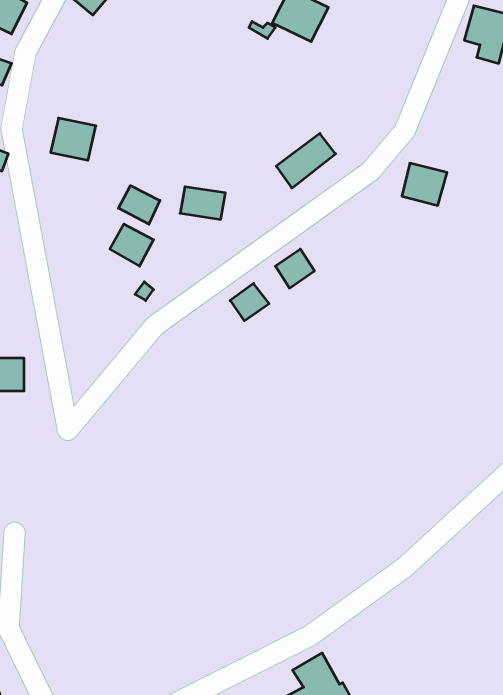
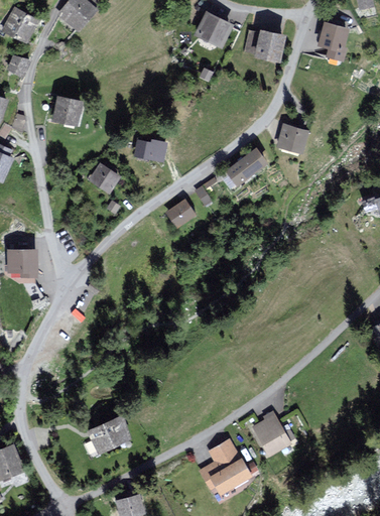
building: none -> [256,29,284,59]
building: [276,133,336,188] -> [228,148,266,183]
building: [118,186,160,224] -> none
building: none -> [253,412,290,456]
building: none -> [89,416,130,453]

